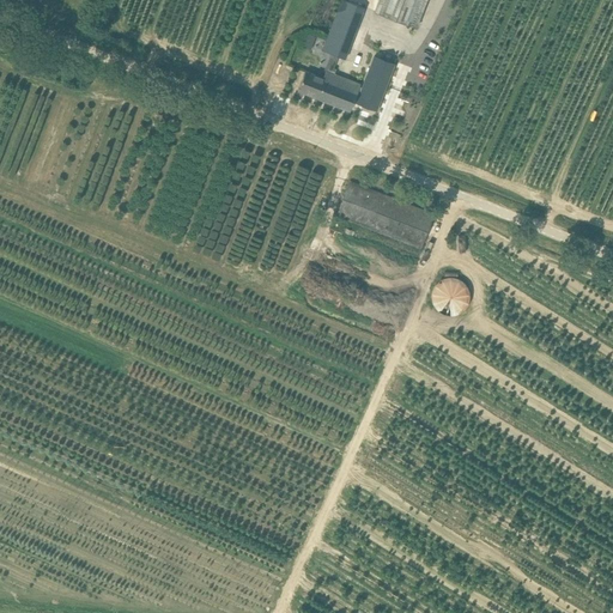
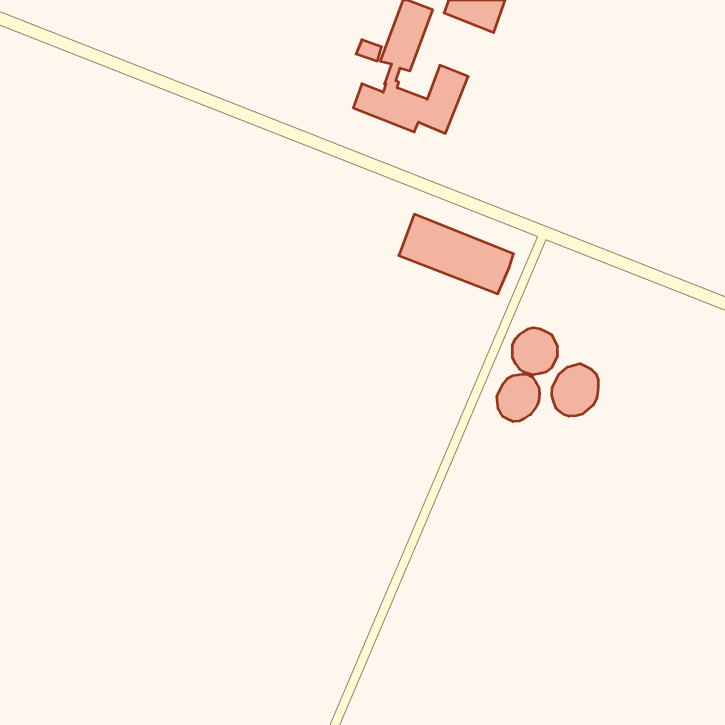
building: none -> [552,364,598,416]
building: none -> [497,374,539,422]

